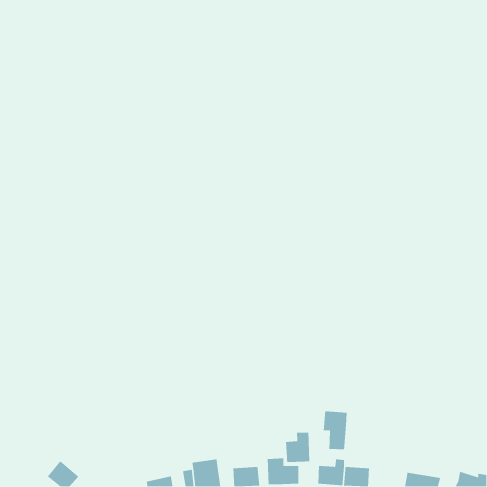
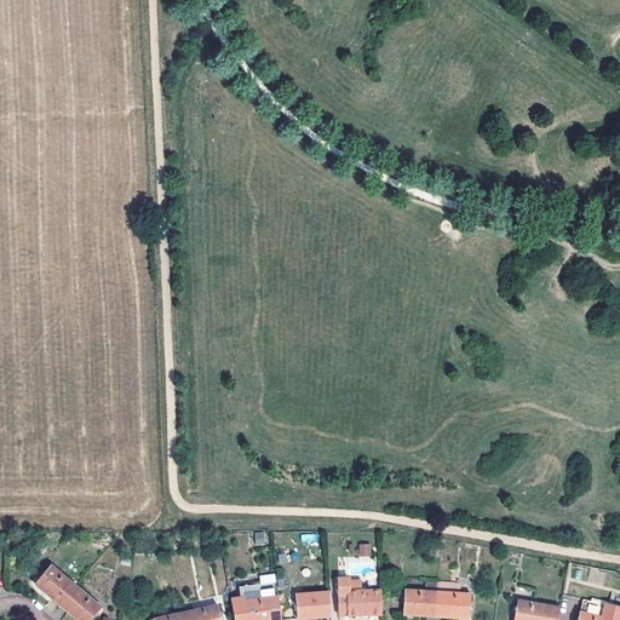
building: [323,410,347,450] -> none
building: [285,432,310,463] -> none
building: none -> [35,564,76,605]

